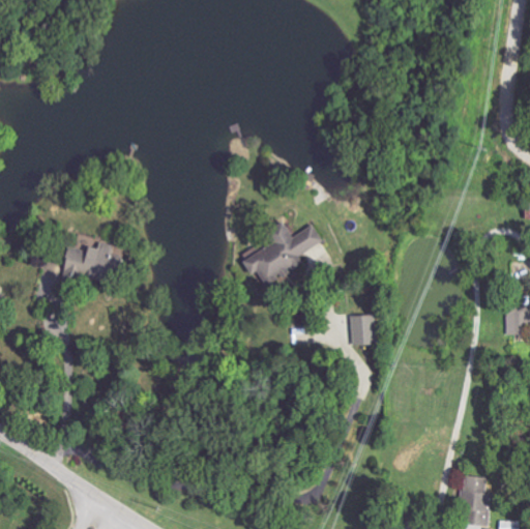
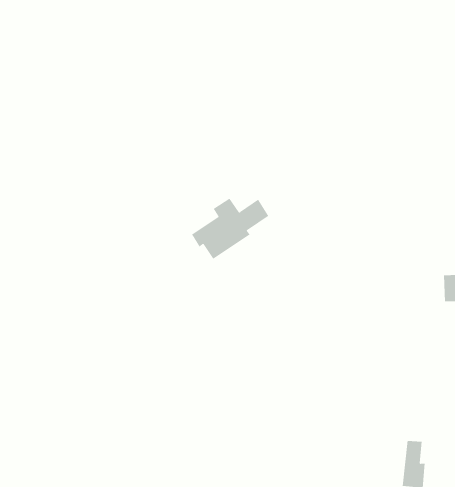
building: [59,242,121,283] -> none
building: [351,316,371,345] -> none

